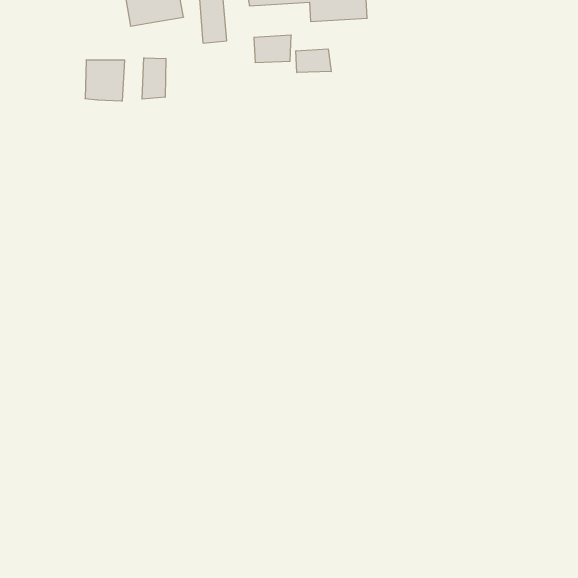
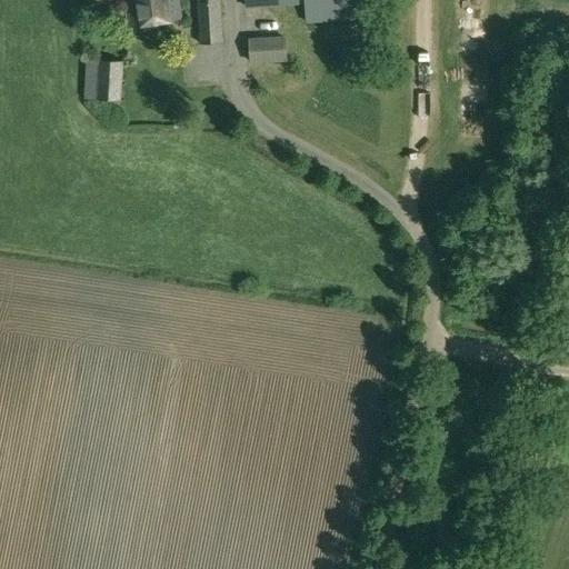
building: [296,49,331,73] -> none
building: [142,58,166,99] -> none

